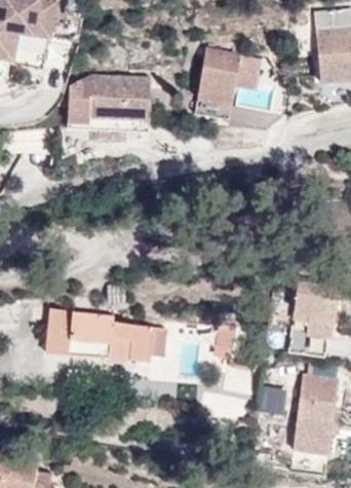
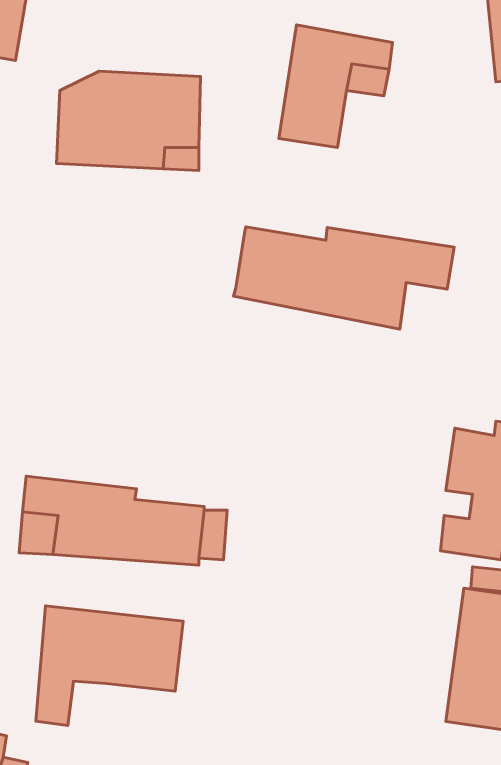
building: none -> [234,227,454,329]
building: none -> [36,606,183,726]

